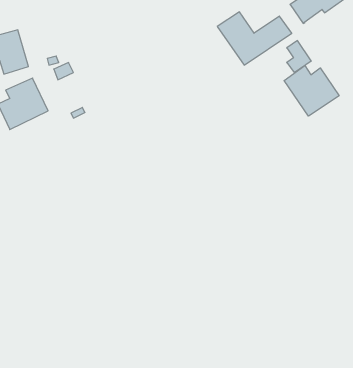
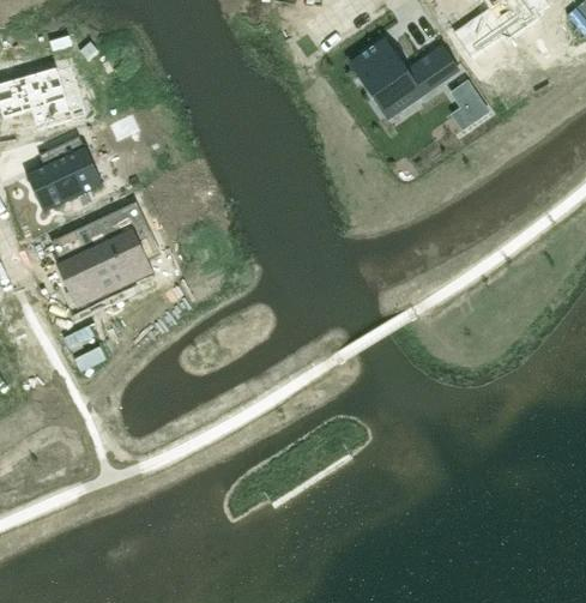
building: [284,66,339,116] -> none
building: none -> [60,203,150,307]

